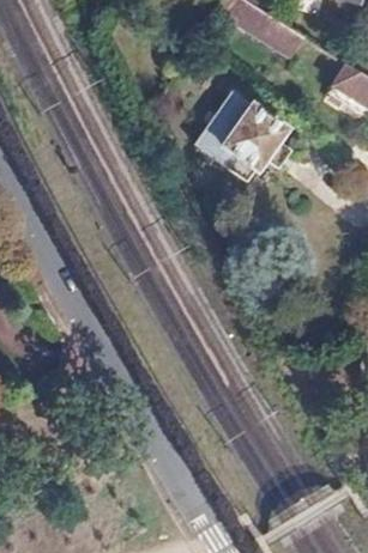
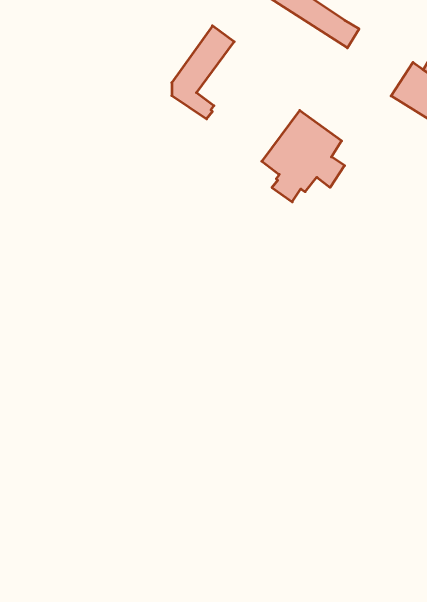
building: [201,91,253,168] -> [172,26,234,119]

